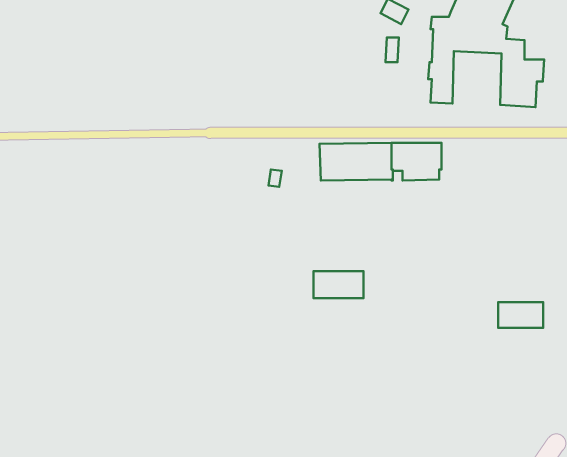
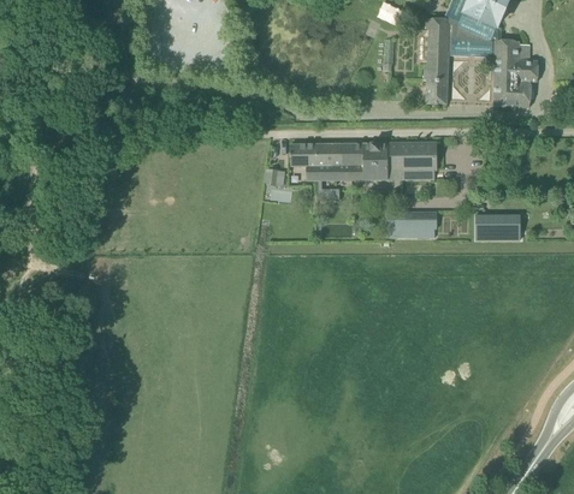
building: none -> [290,143,318,179]
building: [314,271,364,298] -> [387,212,437,238]
building: [498,302,543,328] -> [475,214,520,239]

